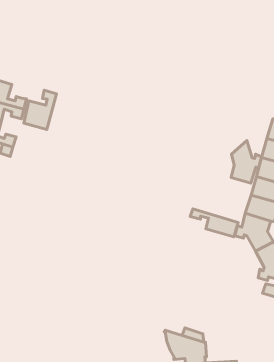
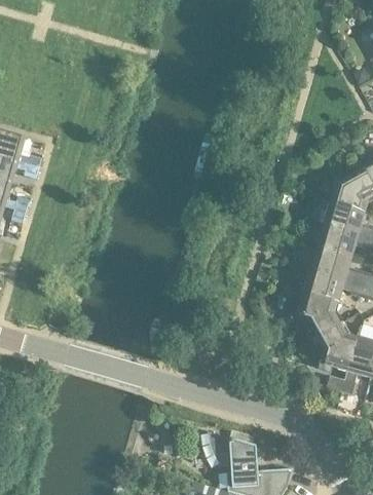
building: [24,90,57,130] -> none
building: [231,140,262,183] -> none
building: [190,209,238,237] -> none

